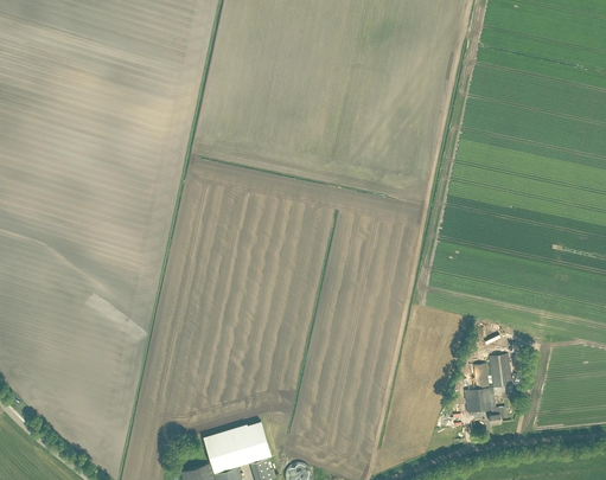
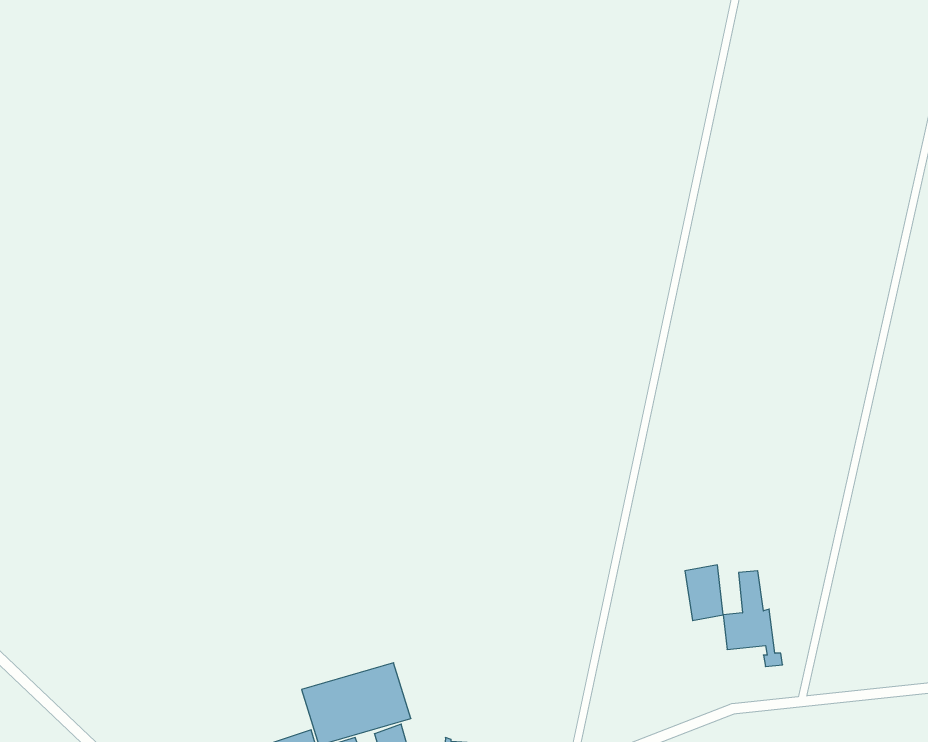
building: [489,353,512,388] -> [685,565,723,621]

